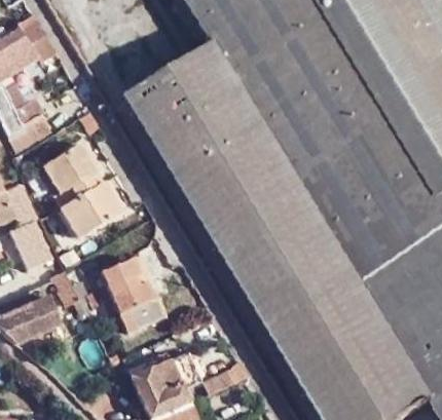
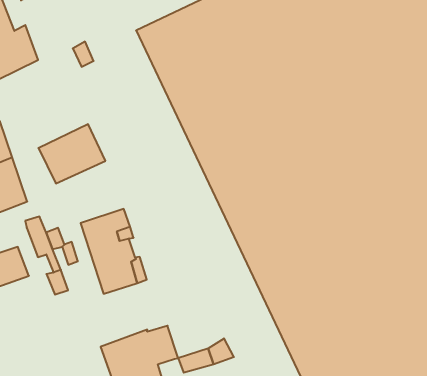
building: [42,144,100,206] -> none

